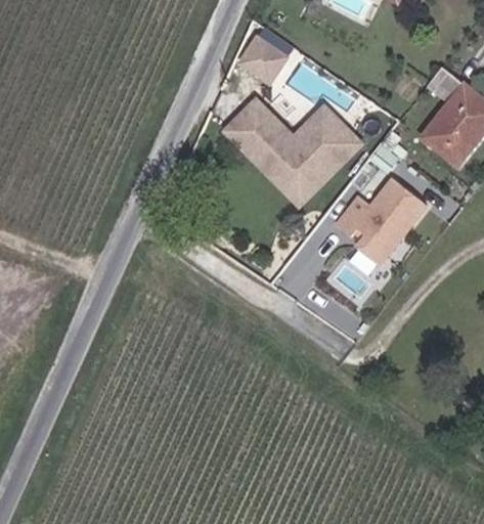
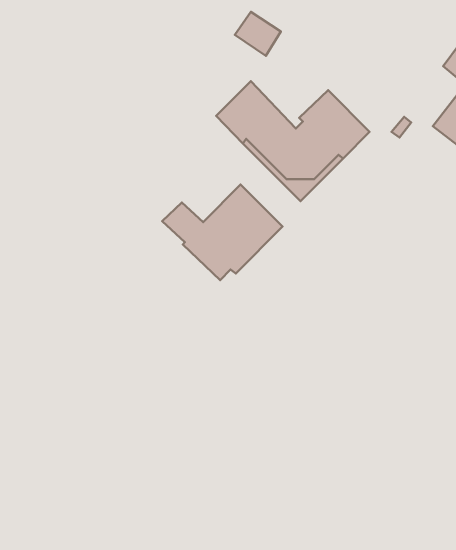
building: [336,178,425,264] -> none
building: none -> [162,185,282,280]

